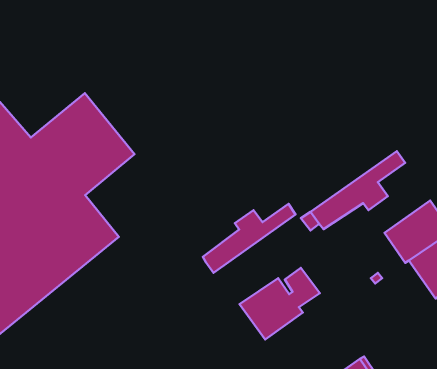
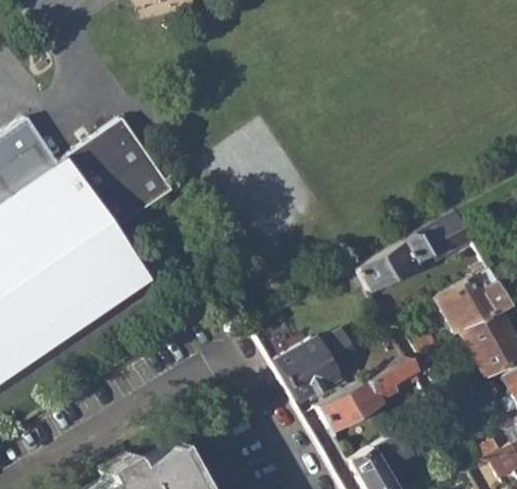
building: [203,204,295,273] -> none
building: none -> [318,359,420,430]

